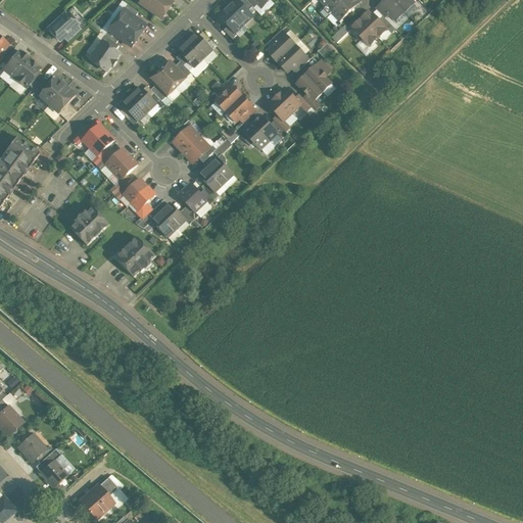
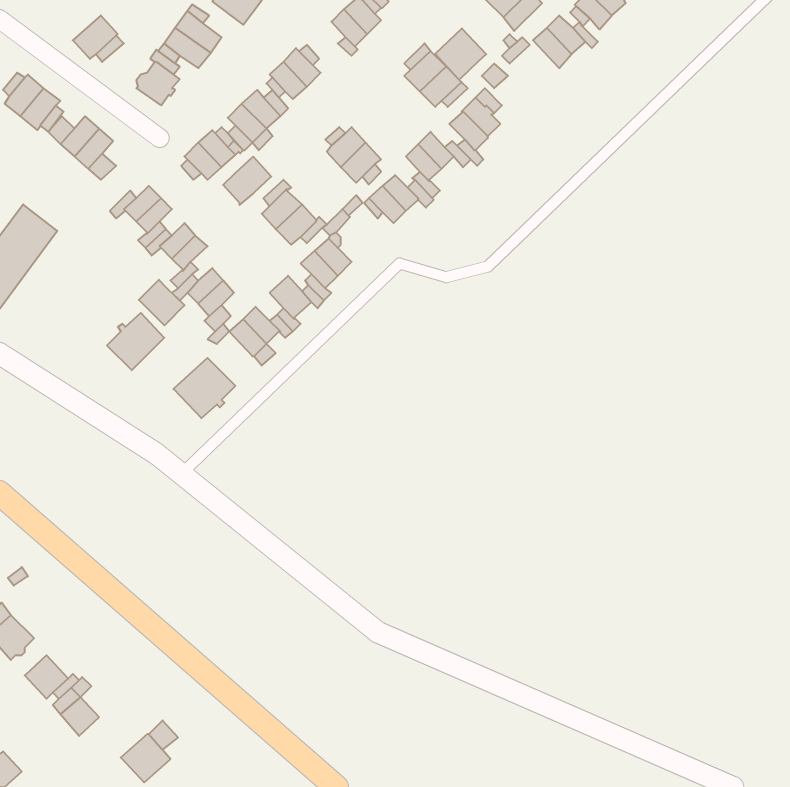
building: none -> [435,28,486,80]
building: none -> [223,157,271,205]
building: none -> [139,280,185,325]

